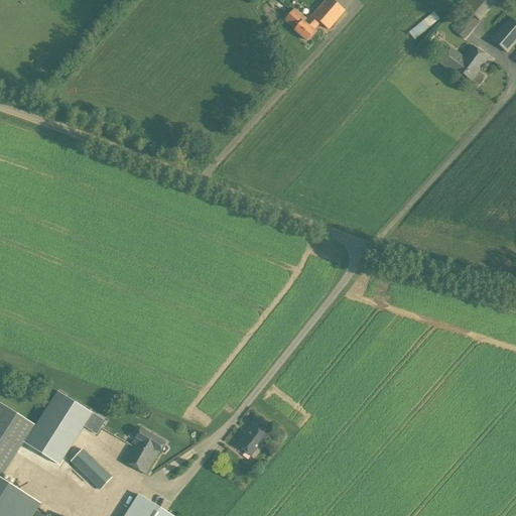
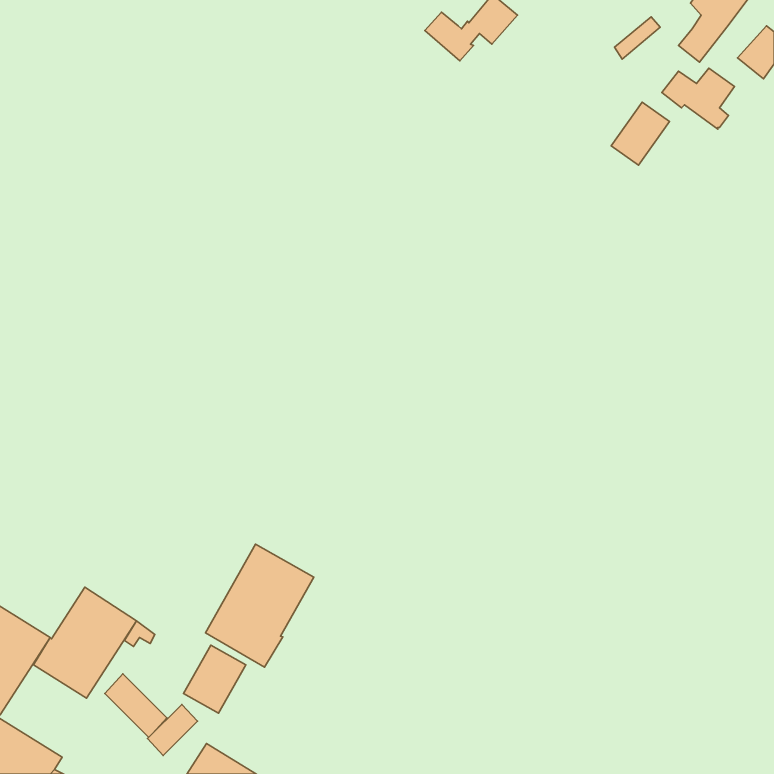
building: none -> [611,102,669,165]
building: none -> [206,544,314,667]
building: [237,424,267,456] -> none
building: none -> [148,704,197,755]

